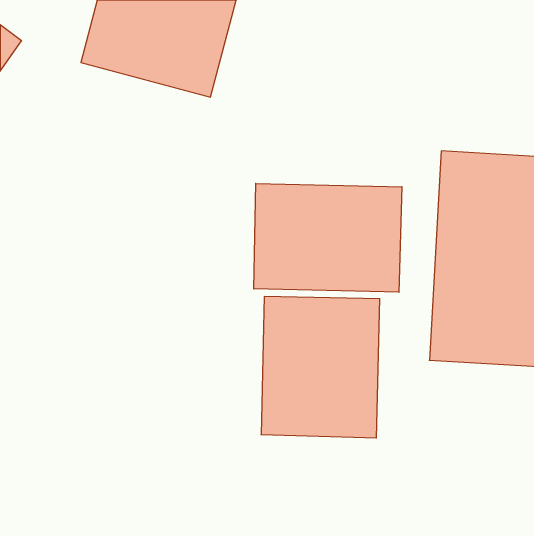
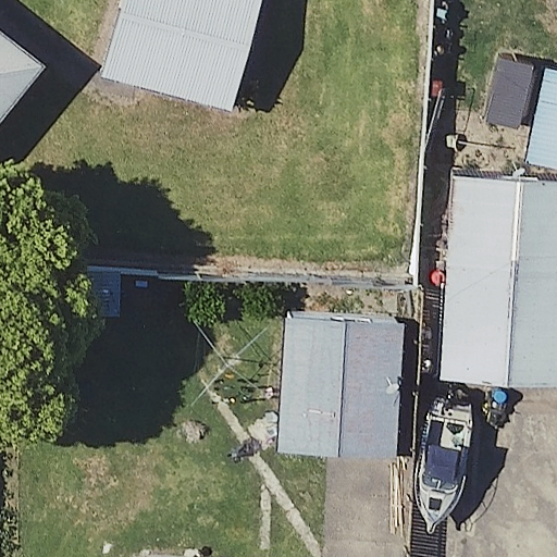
building: [254,183,402,292] -> none

